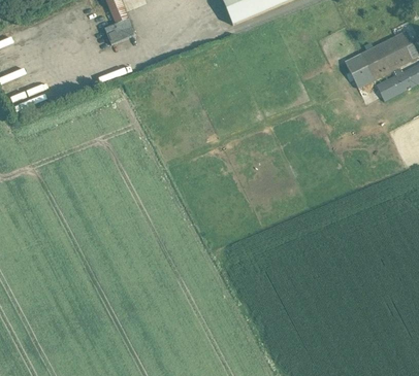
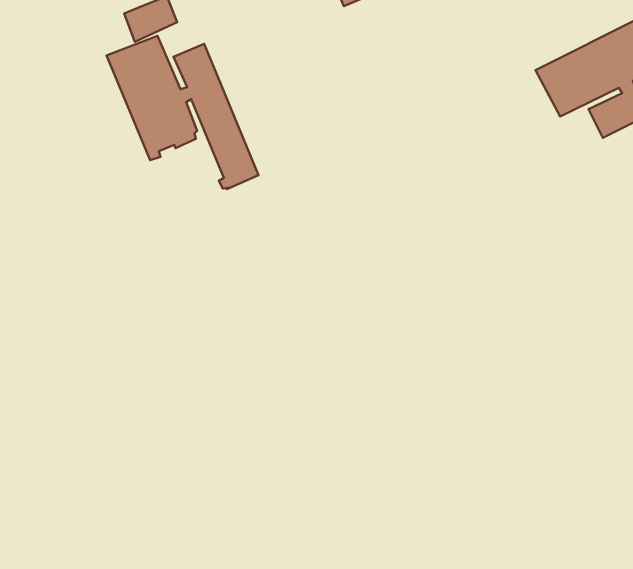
building: none -> [107,36,259,189]

